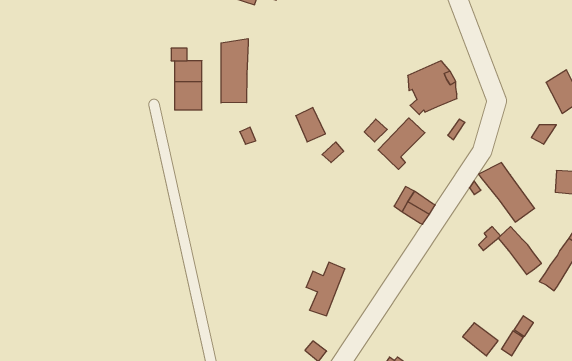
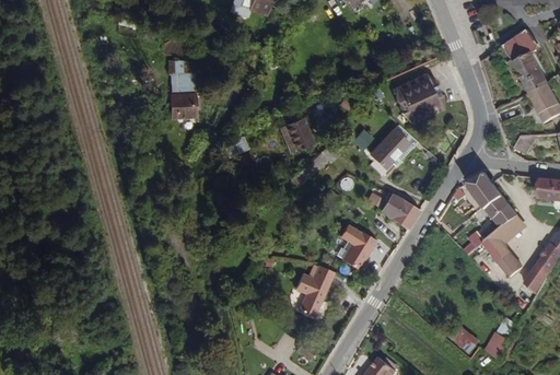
building: none -> [500,30,546,94]
building: [221,39,248,103] -> none
building: none -> [492,214,525,244]
building: none -> [339,223,376,270]

